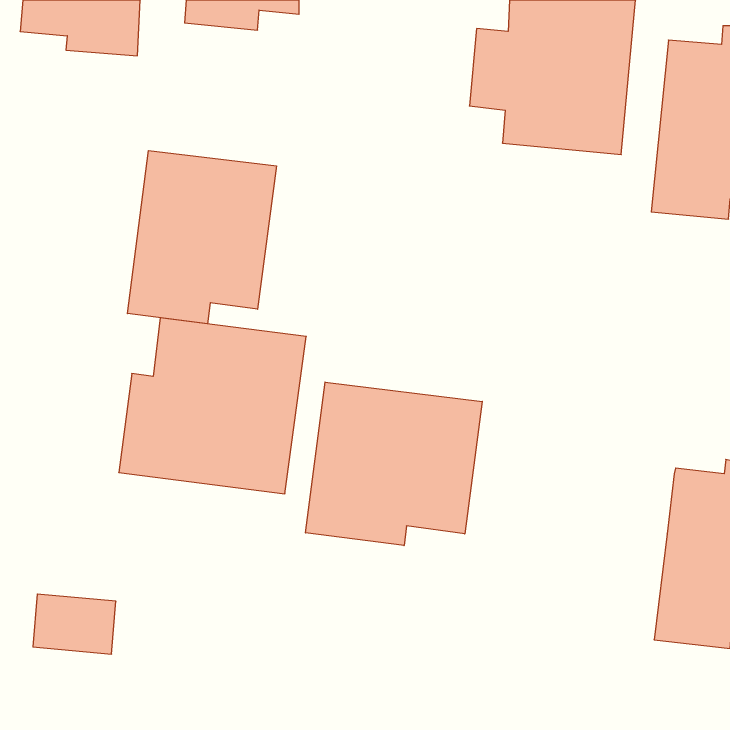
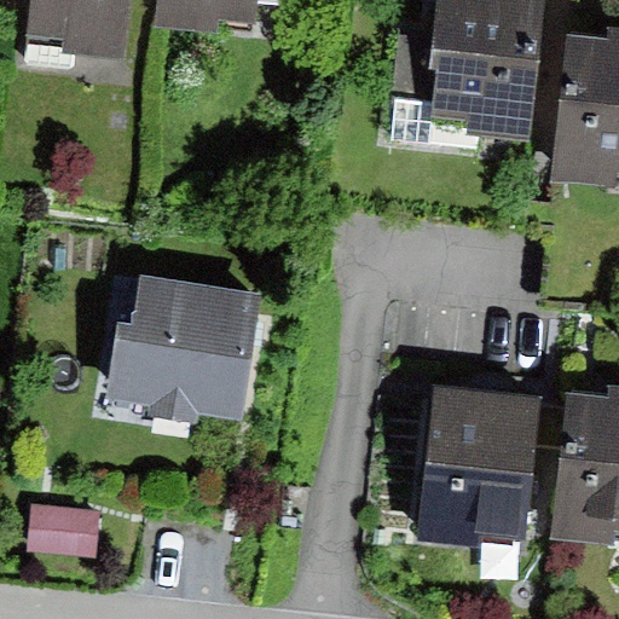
building: [127,151,276,324] -> none
building: [306,382,482,546] -> none
building: none -> [420,386,571,548]

